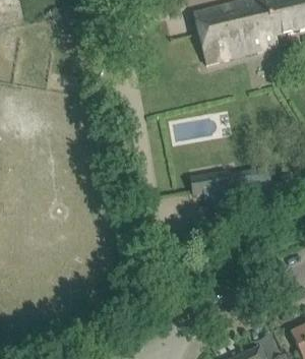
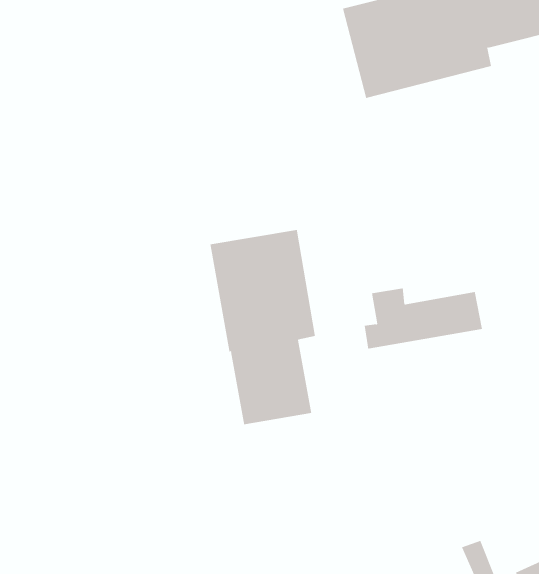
building: none -> [210,229,316,425]

